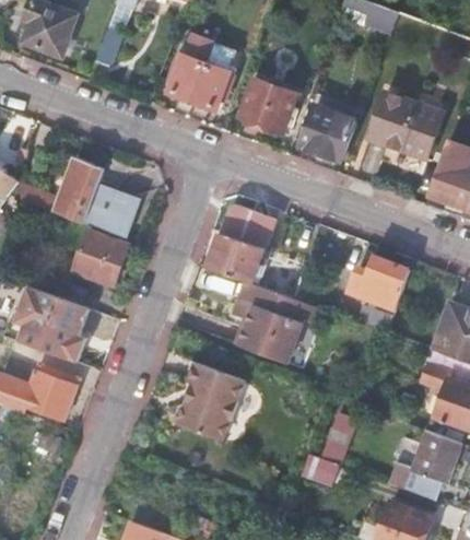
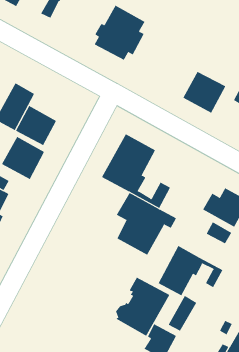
building: [239,79,296,132] -> none
building: none -> [158,245,223,296]
building: [174,364,244,442] -> [115,277,170,336]

